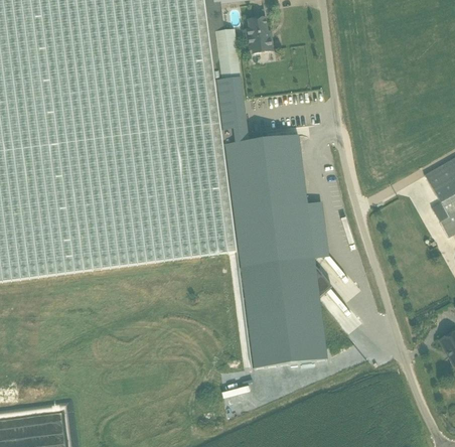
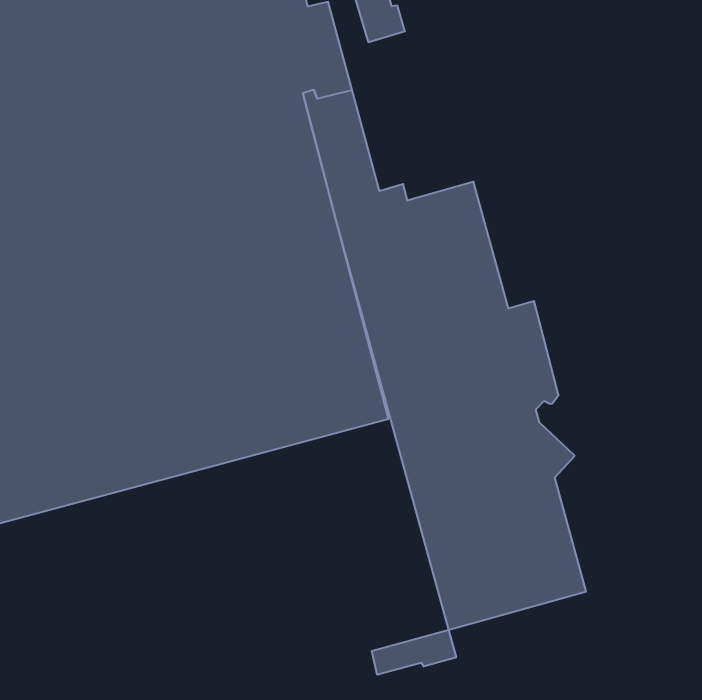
building: none -> [372,630,456,675]

